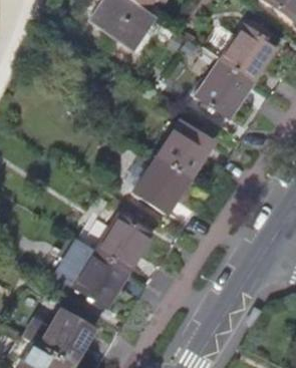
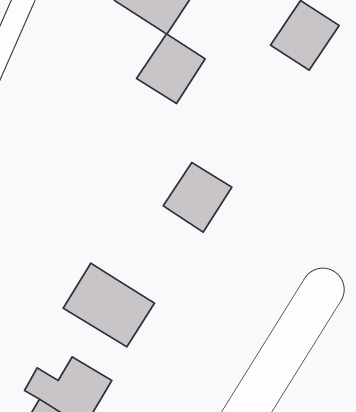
building: [198,61,252,116] -> none
building: [158,119,213,175] -> [137,34,205,104]
building: [95,213,151,269] -> none

